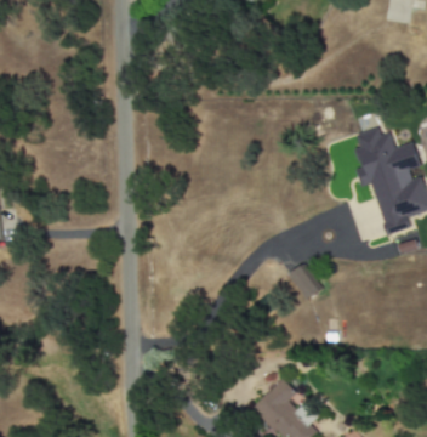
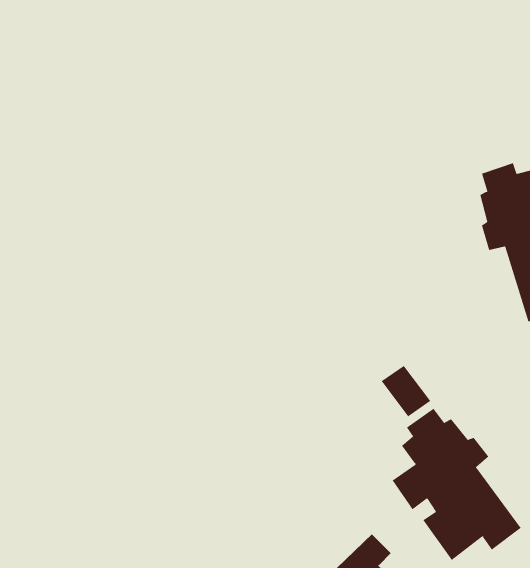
building: none -> [392,408,521,561]

